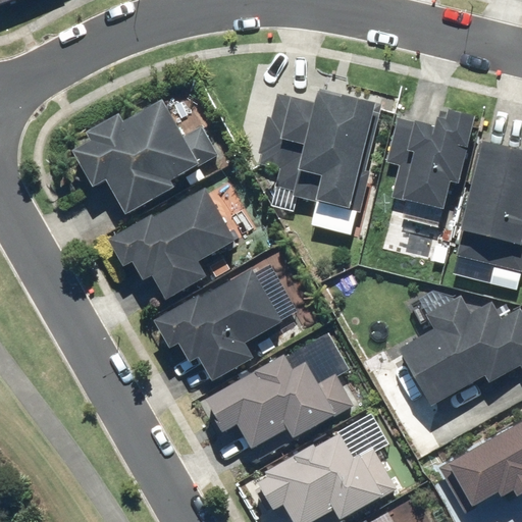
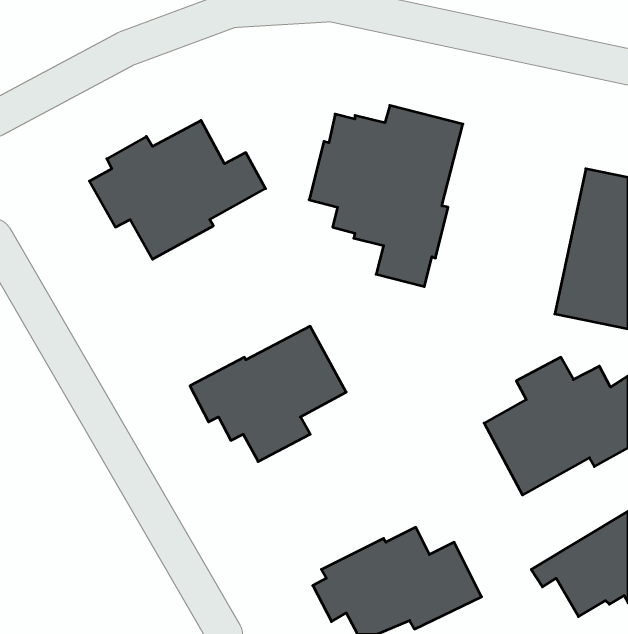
building: [385,103,477,209] -> none
building: [109,187,238,300] -> none
building: [204,354,354,450] -> none

